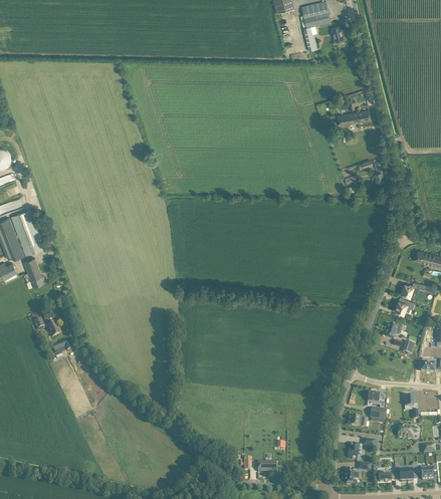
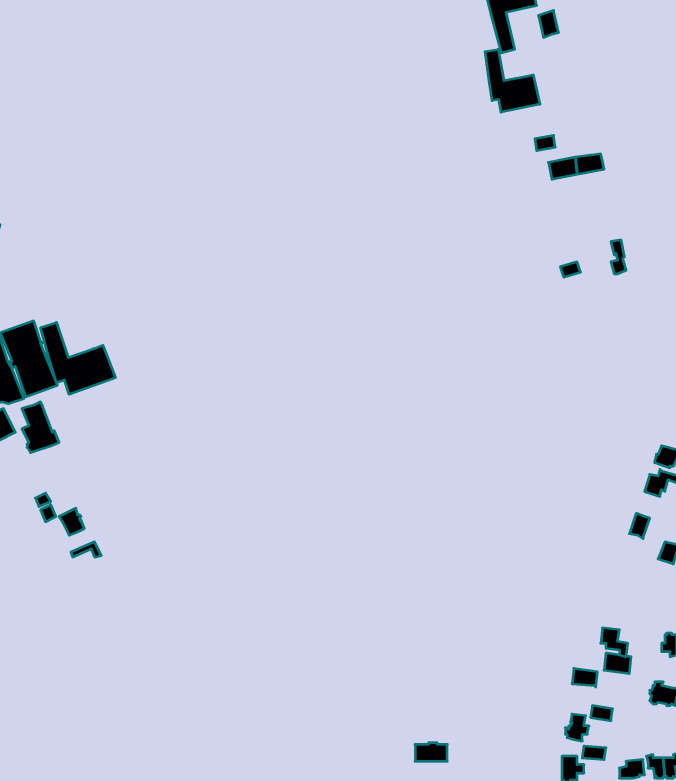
building: none -> [485,49,540,112]
building: none -> [41,322,115,394]

